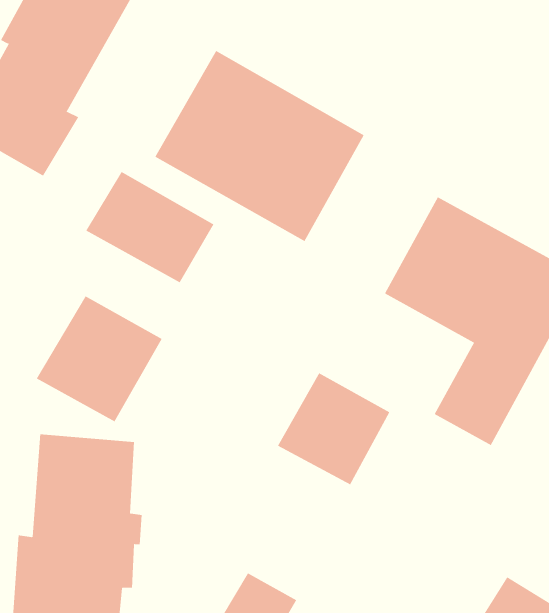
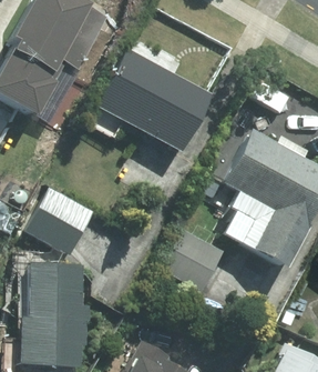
building: [85,171,214,283] -> none

